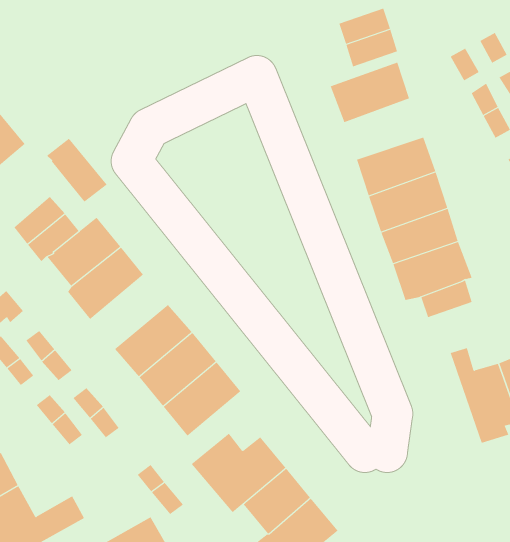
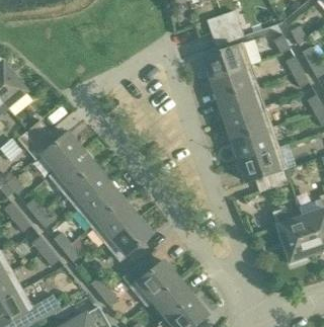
building: none -> [211,64,257,99]
building: [46,138,107,203] -> none
building: none -> [63,166,108,210]

